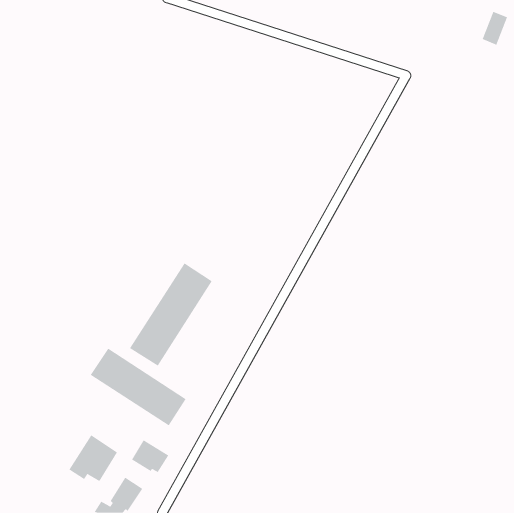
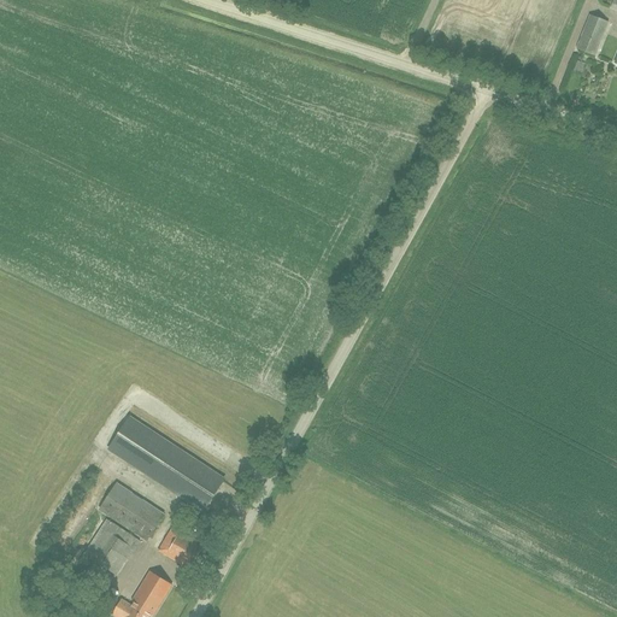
building: [129,263,212,366] -> none
building: none -> [98,481,164,540]

